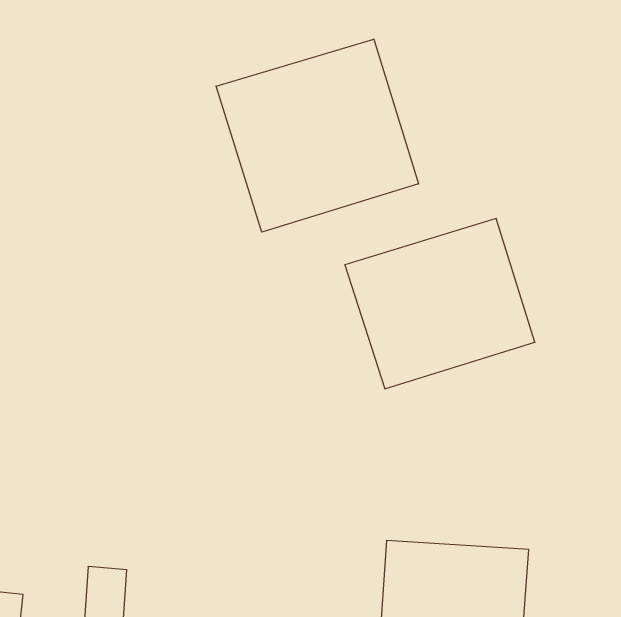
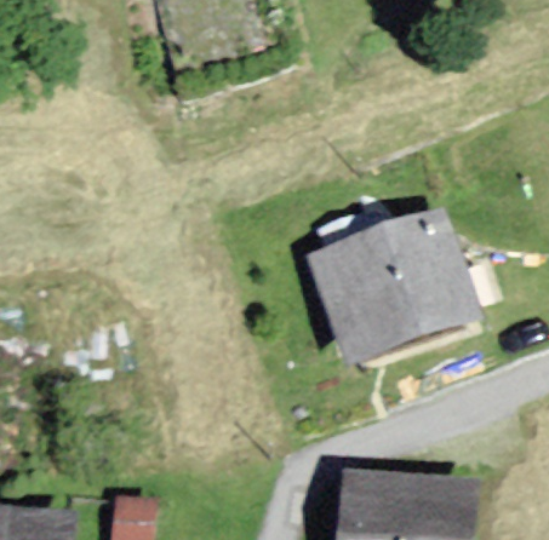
building: [216,39,419,232] -> none

